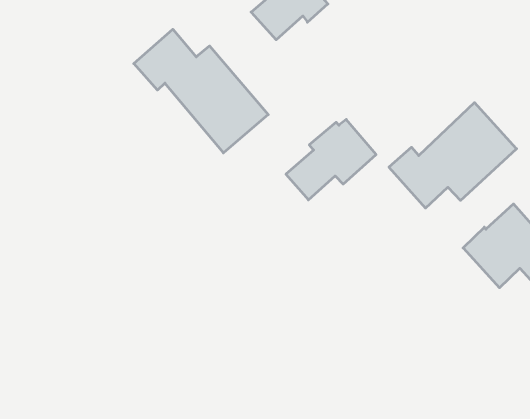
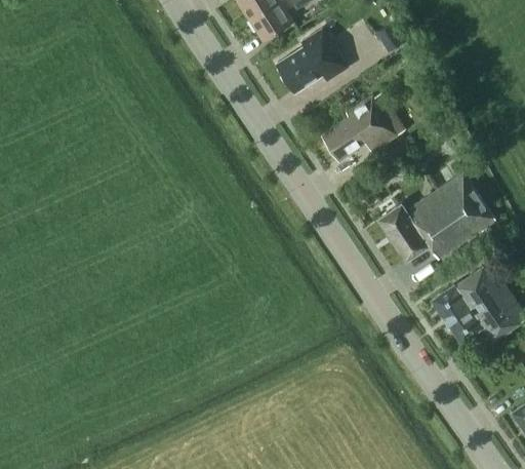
building: [134,29,268,153] -> none
building: [286,119,376,200] -> [322,93,404,159]

